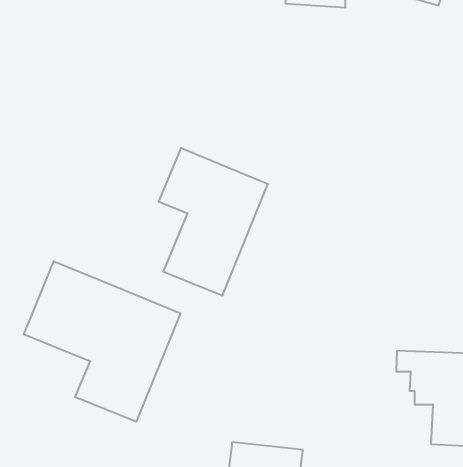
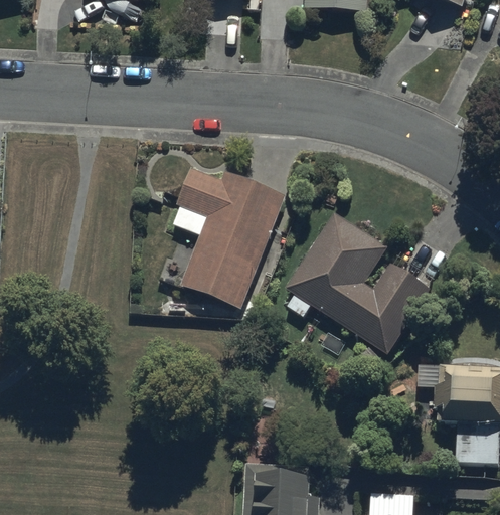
building: none -> [286,213,430,353]
building: [24,261,180,422] -> none

